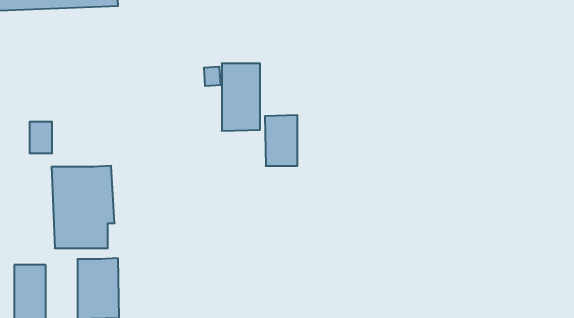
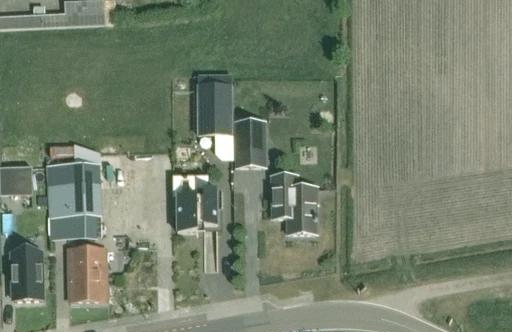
building: [30,122,52,153] -> [12,165,32,193]
building: none -> [271,173,317,232]
building: none -> [176,187,217,230]

